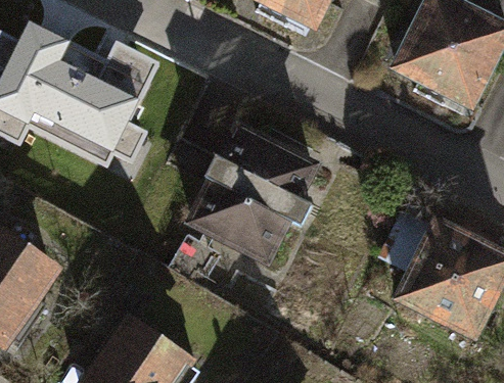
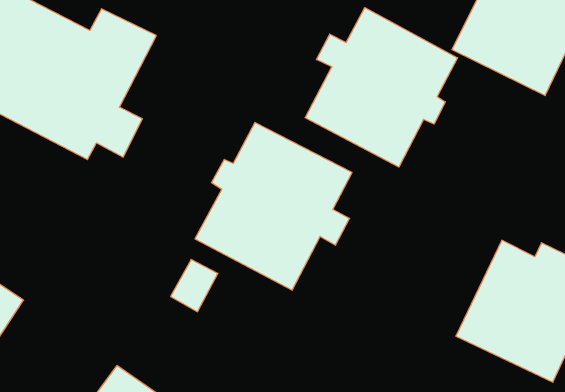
building: none -> [305,8,458,167]

